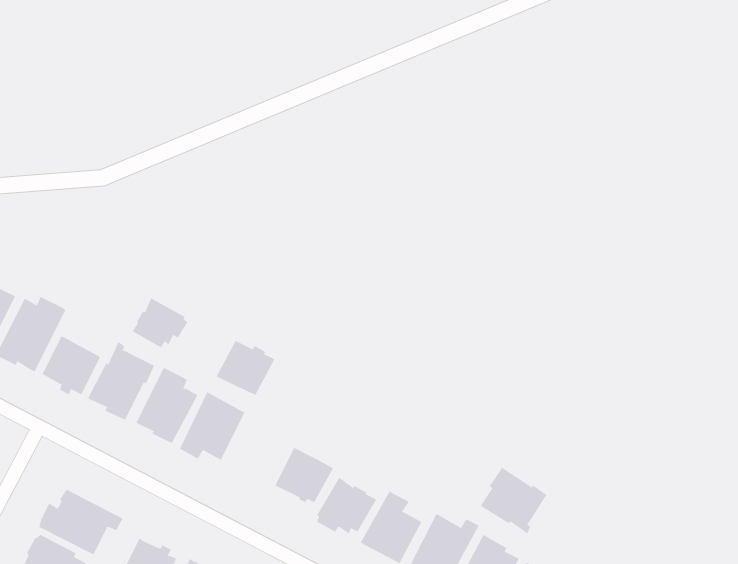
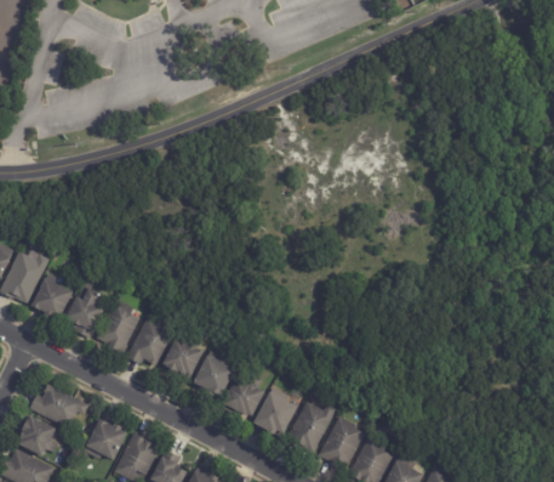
building: [132,297,188,348] -> none
building: [216,340,275,396] -> [162,338,204,376]
building: [480,467,547,535] -> none

